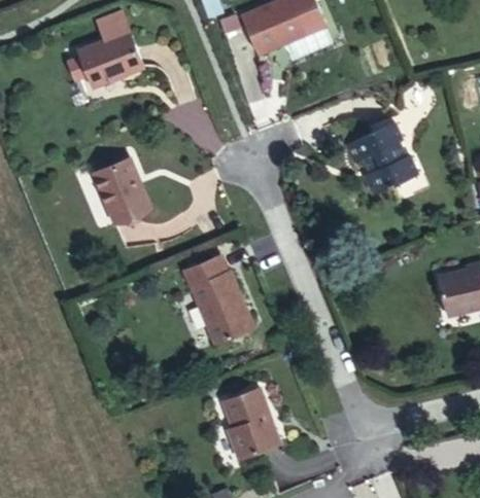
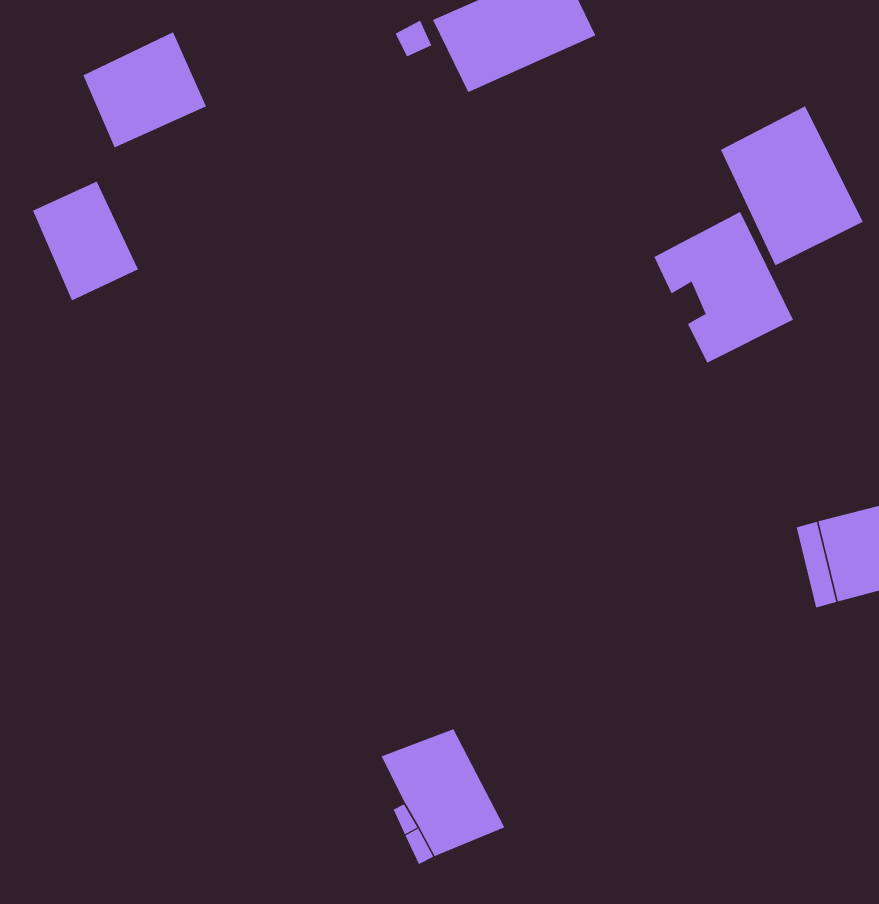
building: none -> [720,106,863,266]
building: [98,165,153,227] -> [32,181,139,301]
building: [183,252,260,344] -> none

